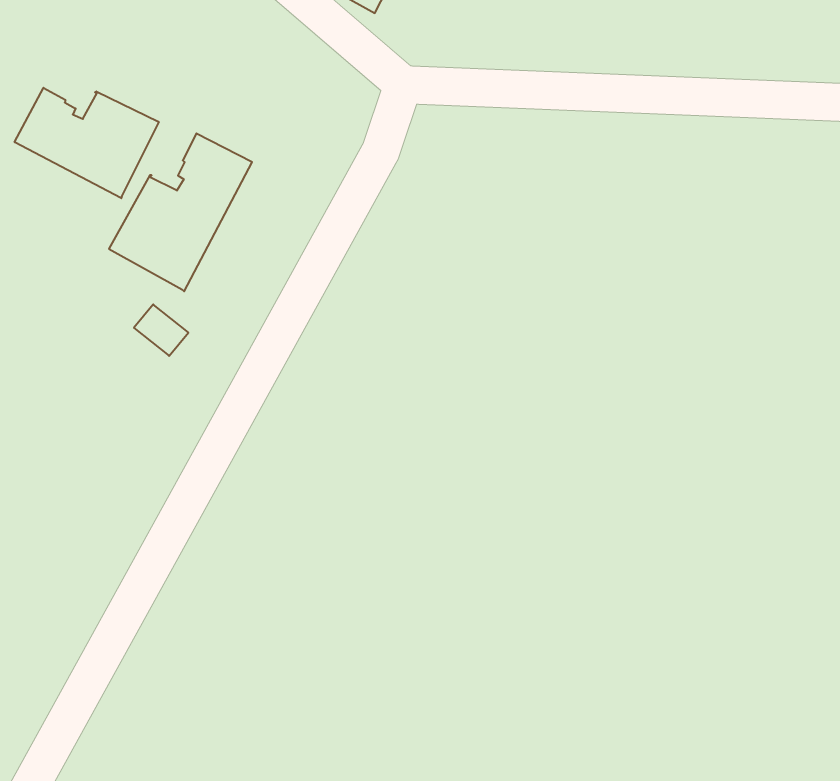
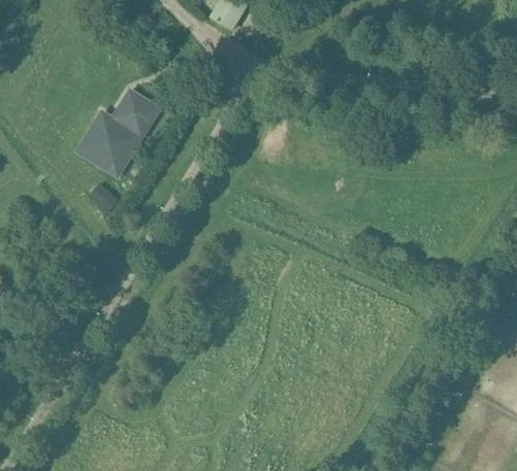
building: [15,88,159,198] -> none

